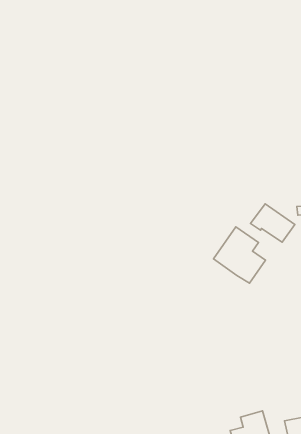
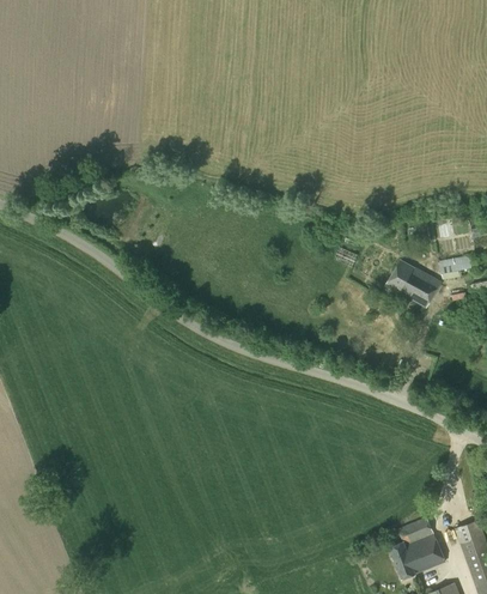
building: [214,227,266,283] -> none

